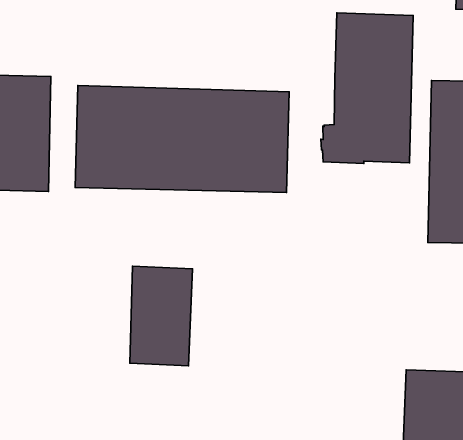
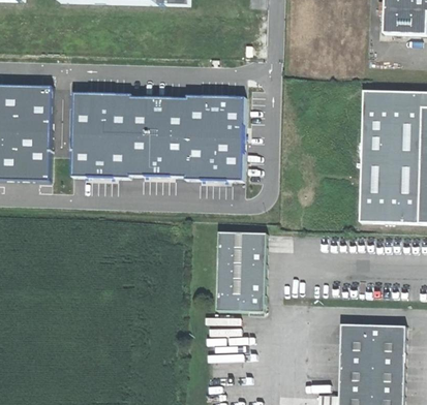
building: [321,13,413,163] -> none
building: [130,266,192,366] -> [215,229,266,310]

